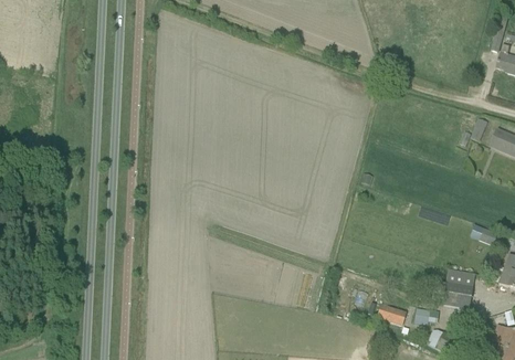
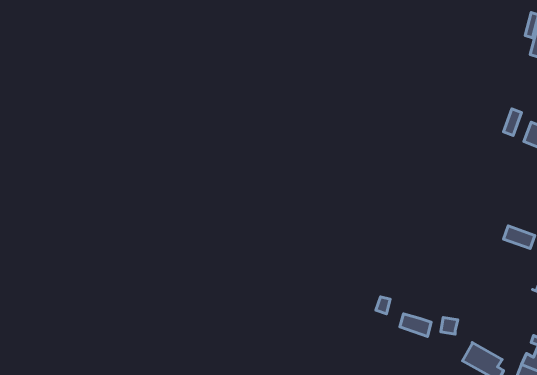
building: [442,280,473,308] -> none

